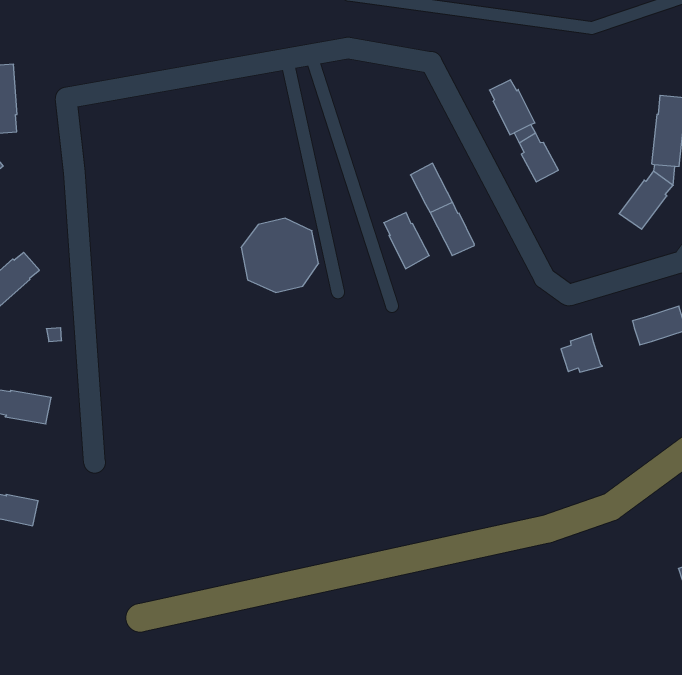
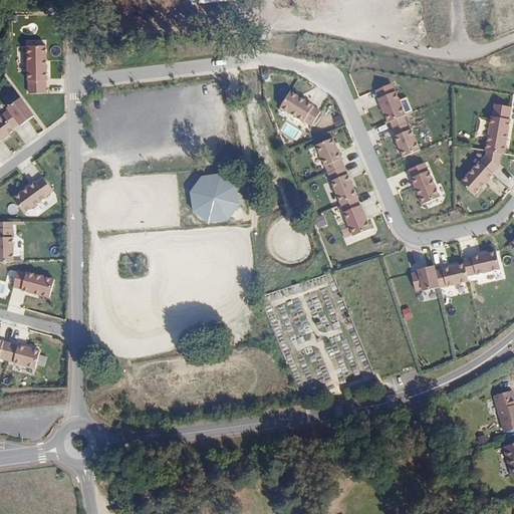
building: none -> [279,89,319,123]
building: none -> [409,161,439,202]
building: [384,212,429,269] -> [340,196,370,235]
building: none -> [435,261,469,285]

